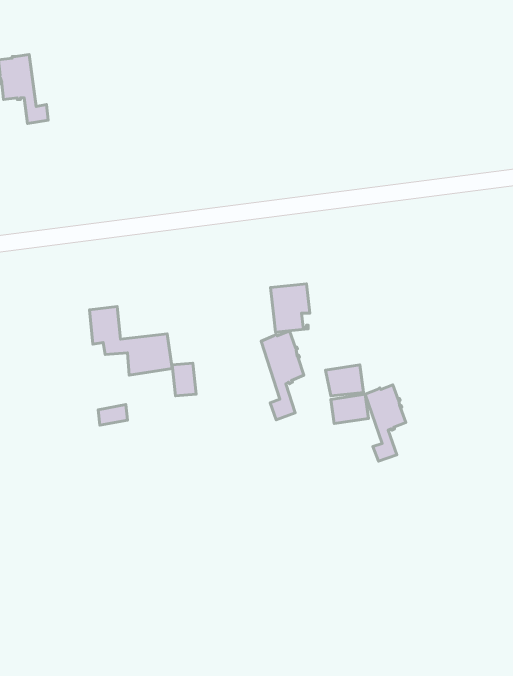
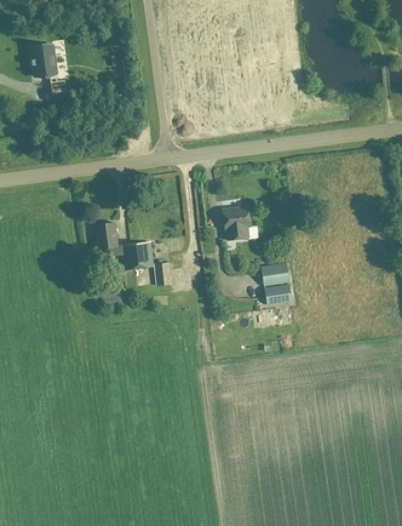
building: [261,331,304,420] -> none
building: [365,385,406,461] -> none

